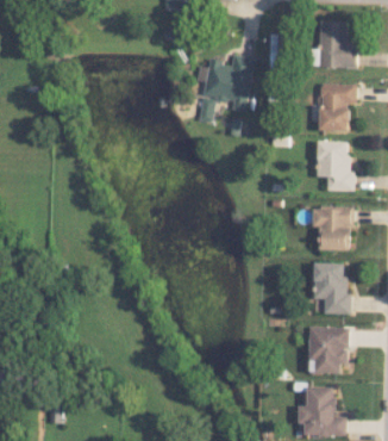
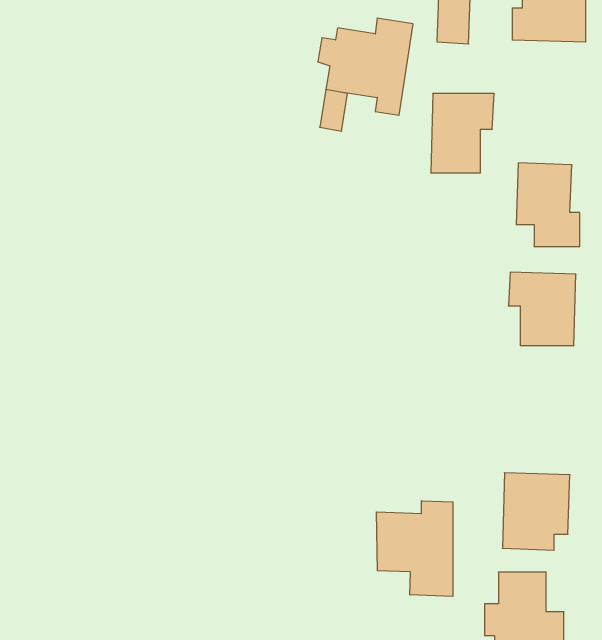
building: [319,83,357,131] -> [431,94,494,173]
building: [313,262,350,313] -> none
building: none -> [377,501,453,596]

